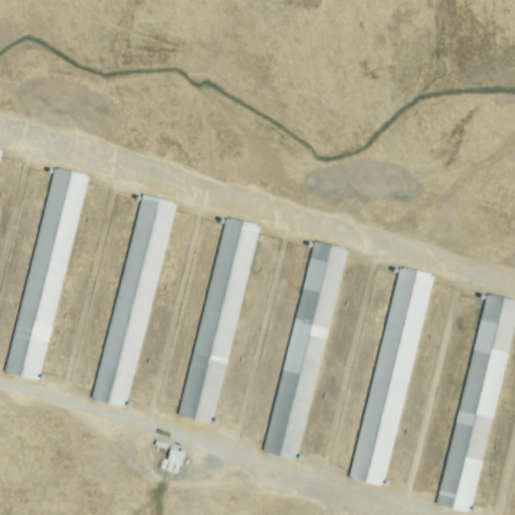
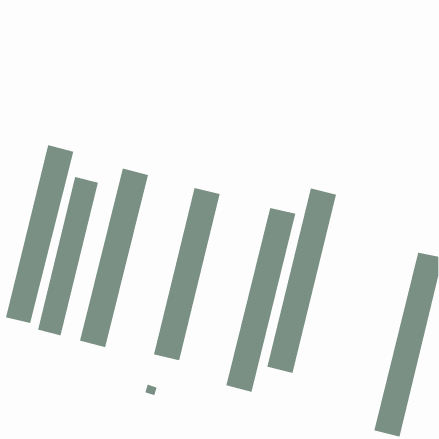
building: none -> [38,176,98,336]
building: [349,268,432,485] -> [266,188,337,374]

